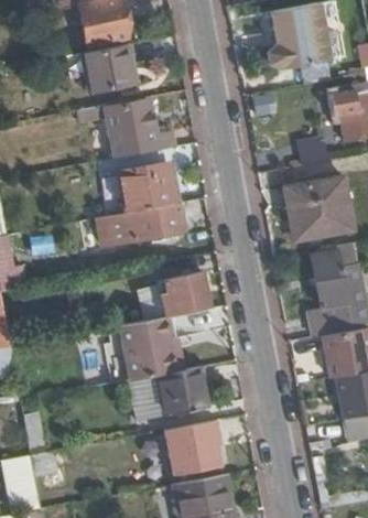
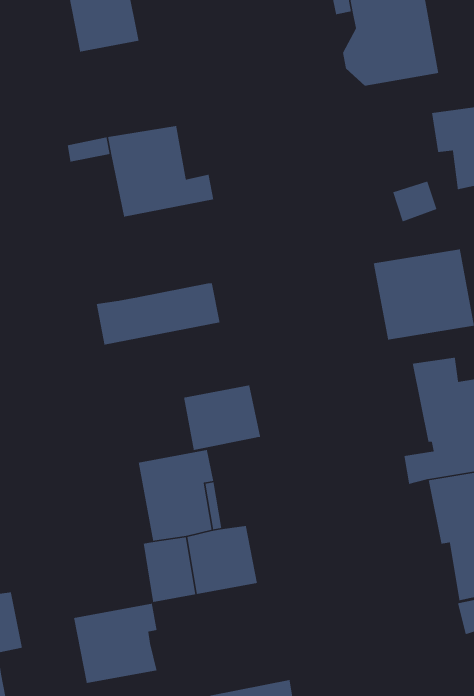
building: [84,43,139,91] -> none
building: [116,162,173,212] -> none
building: [163,419,220,474] -> [73,603,157,684]

